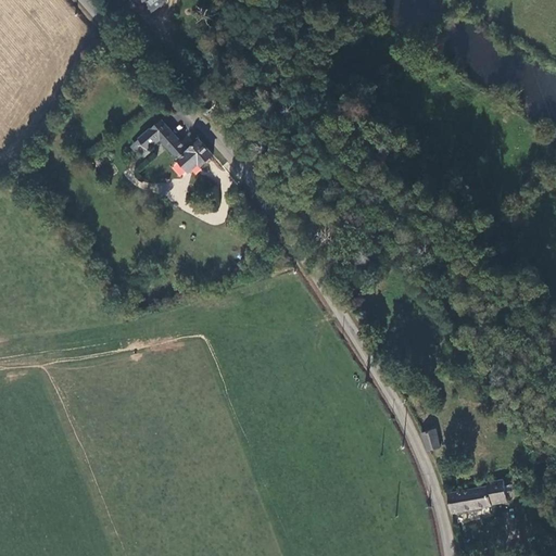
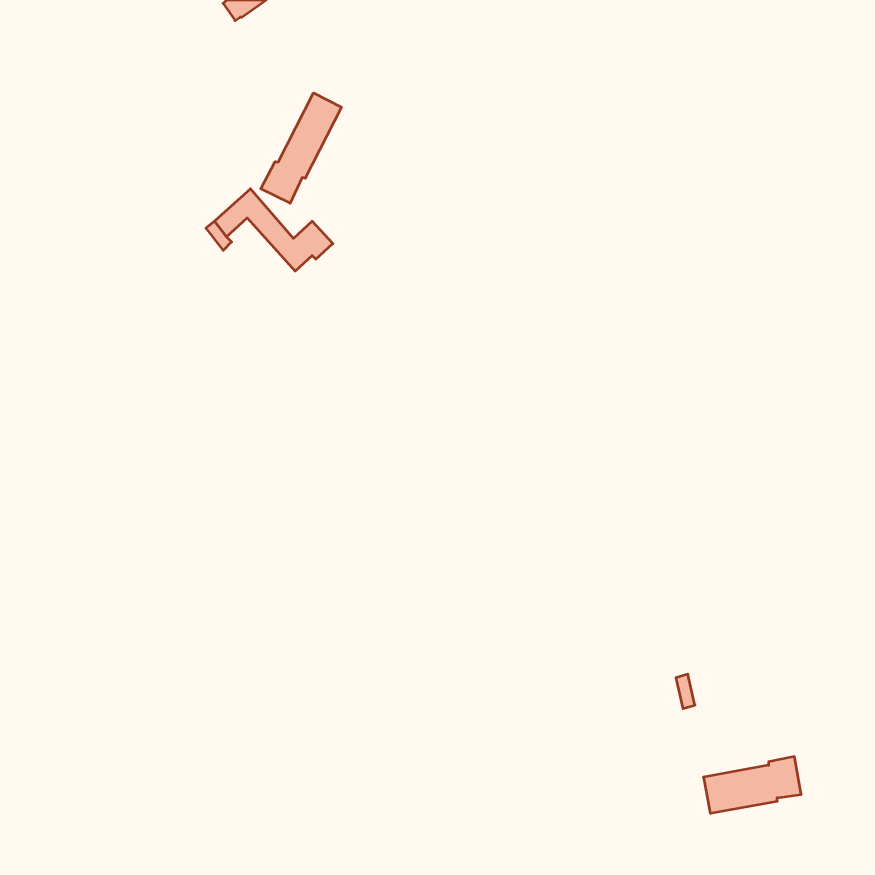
building: none -> [261,93,341,203]

